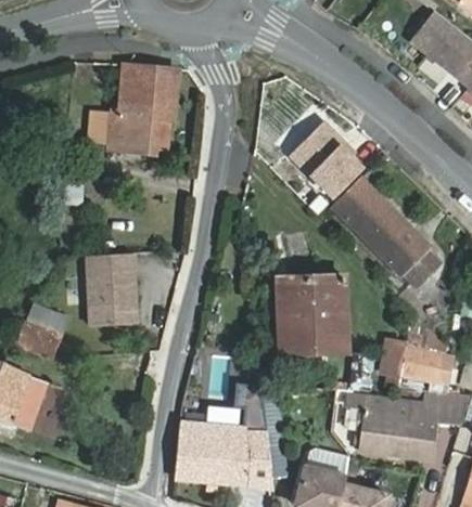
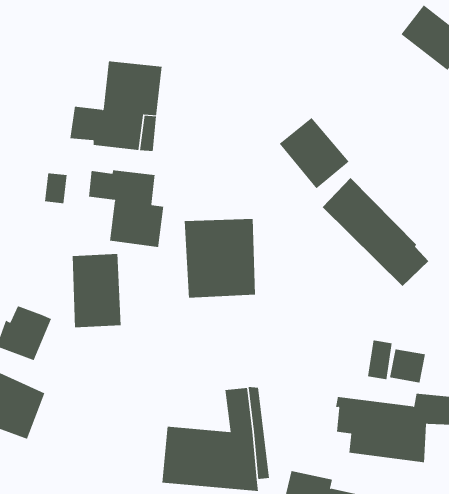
building: none -> [88,170,164,248]
building: [276,277,346,355] -> [184,219,256,298]

